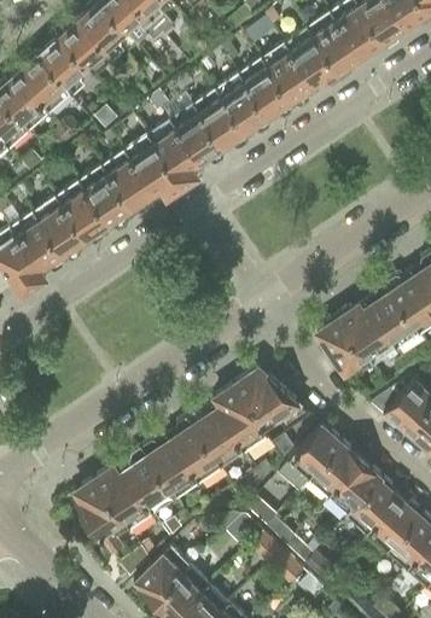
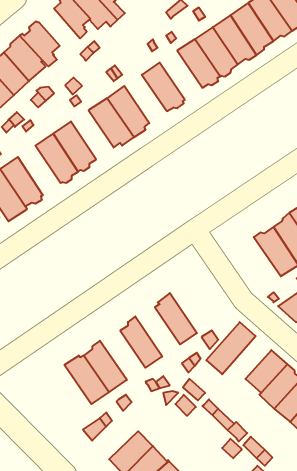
building: [63,17,116,72] -> none
building: [219,71,274,135] -> none
building: [173,103,228,165] -> none
building: [104,148,159,212] -> none
building: [35,194,91,258] -> none
building: [319,313,375,372] -> none
building: [232,369,309,437] -> none
building: [187,403,245,467] -> none
building: [141,433,200,497] -> none
building: [309,441,363,497] -> none
building: [75,478,130,554] -> none
building: [134,544,191,600] -> none

